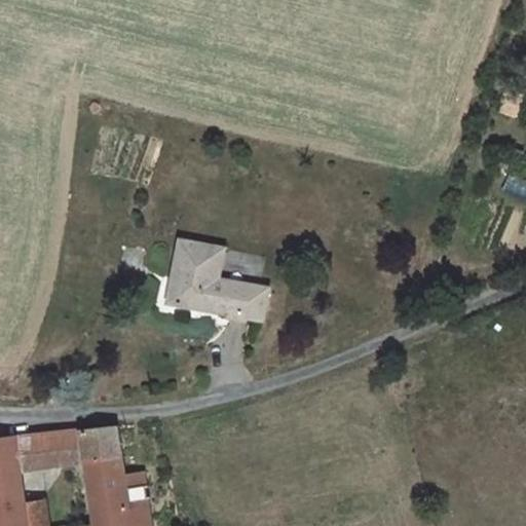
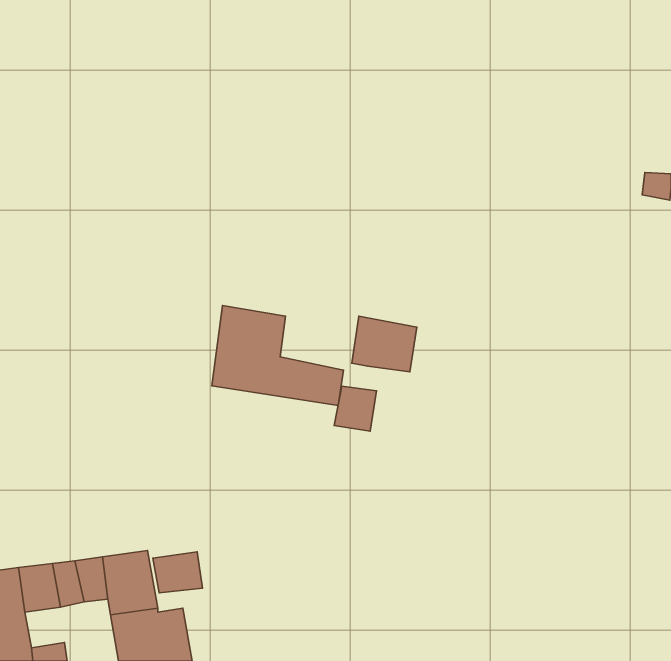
building: none -> [352,316,417,372]
building: none -> [334,386,376,431]
building: none -> [153,552,202,593]

